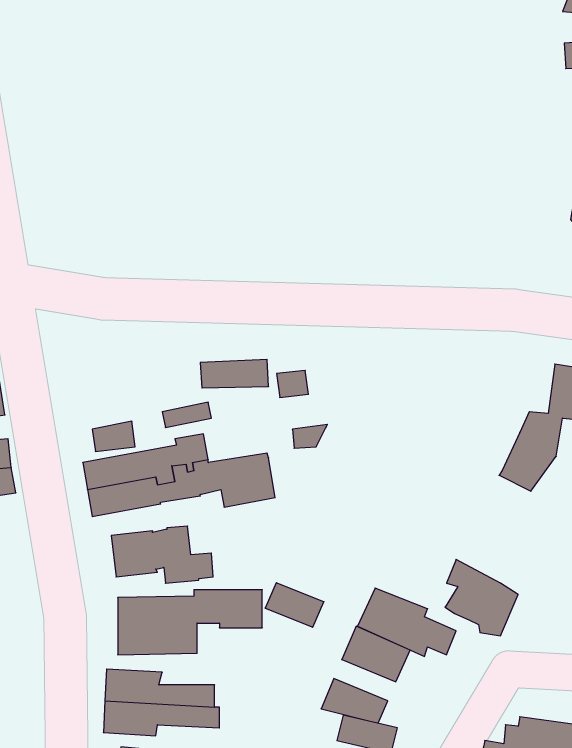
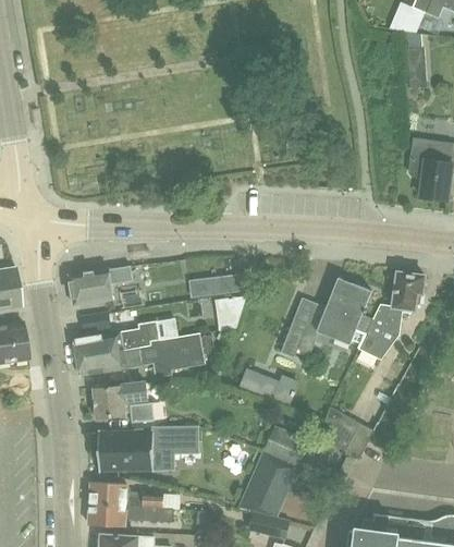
building: none -> [69,265,133,304]
building: none -> [317,278,373,344]
building: none -> [281,317,316,357]
building: [265,583,324,627] -> [238,367,279,398]

